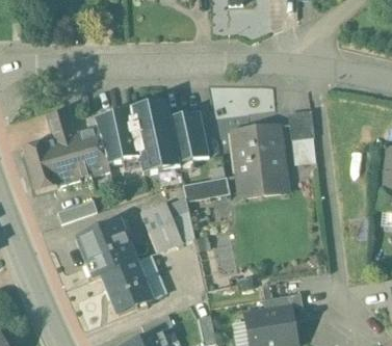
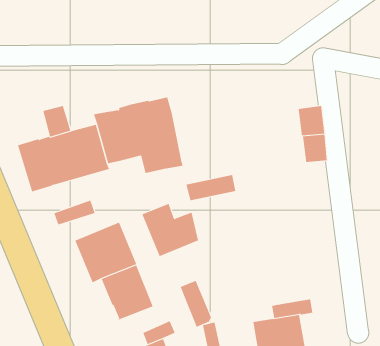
building: [169,110,209,162] -> none
building: [234,124,286,197] -> none
building: [136,255,166,299] -> [180,280,212,327]

